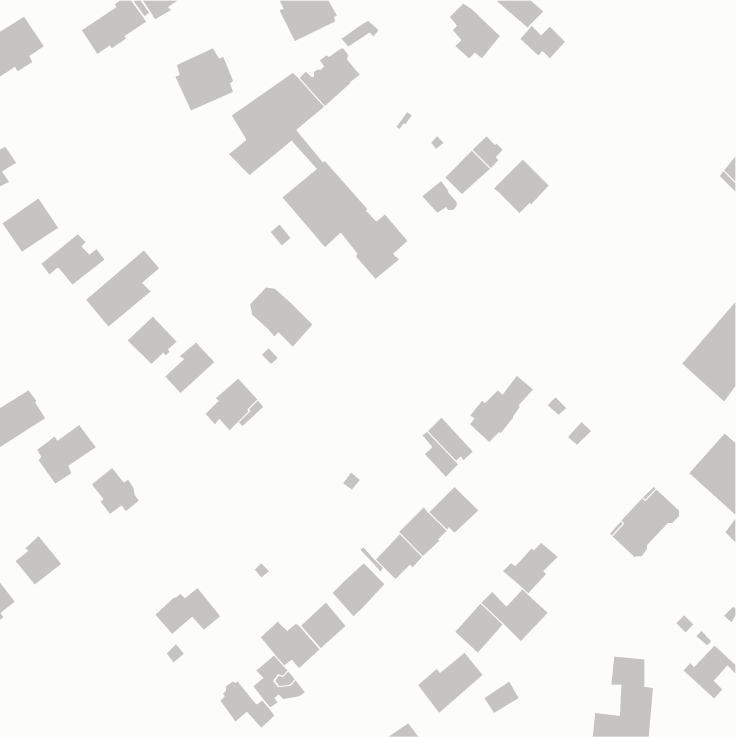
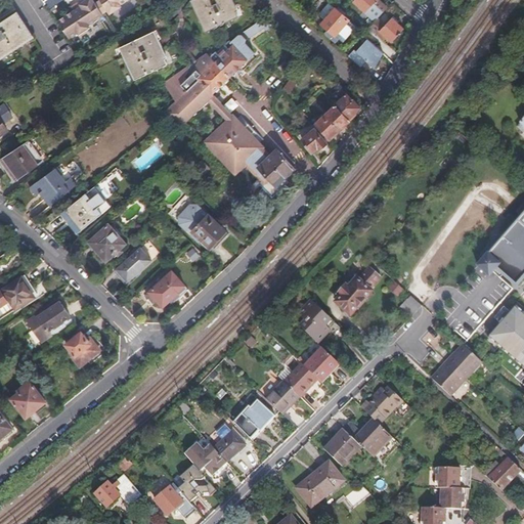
building: none -> [347,39,382,69]
building: [493,159,550,214] -> none
building: [155,587,221,635] -> [95,474,142,508]

